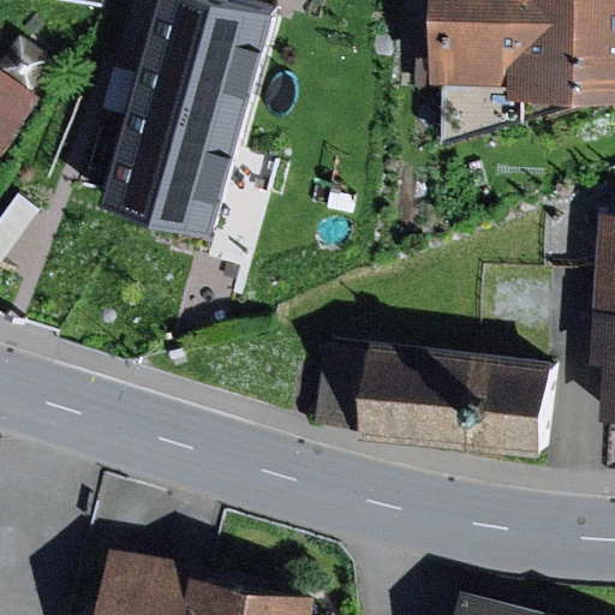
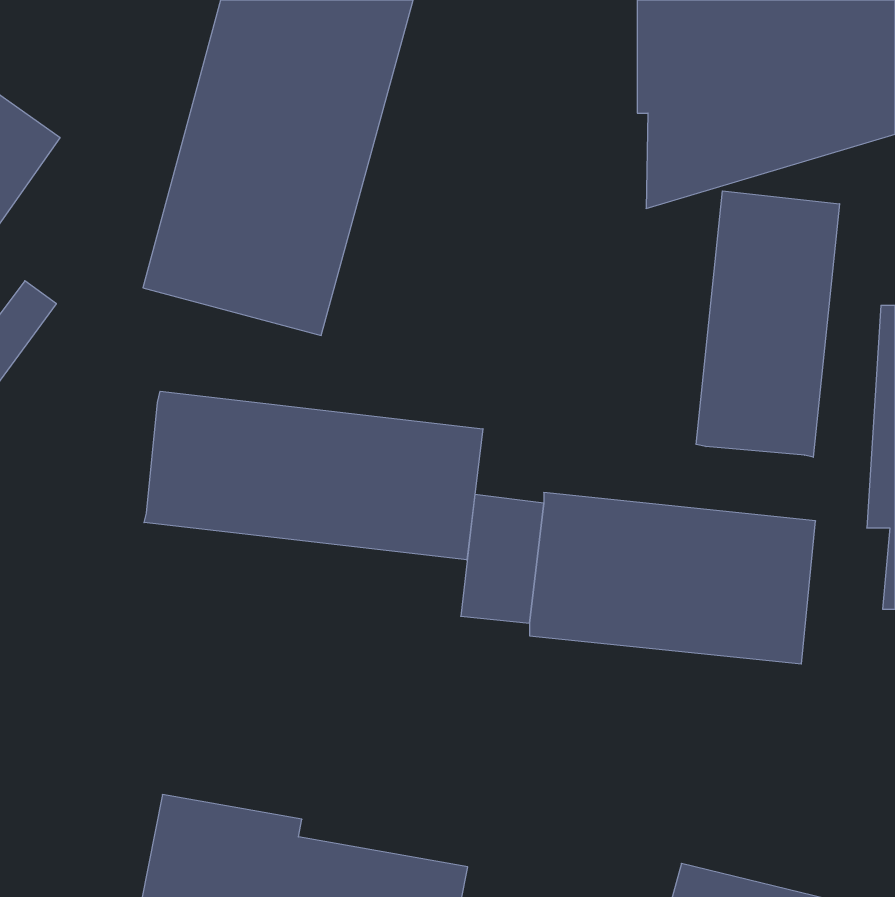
building: none -> [696,191,840,457]
building: none -> [144,391,483,560]

